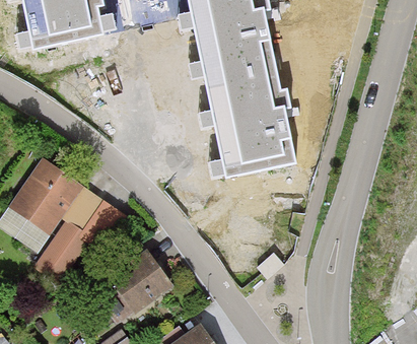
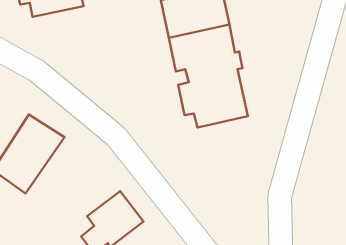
building: [33,187,127,283] -> none

